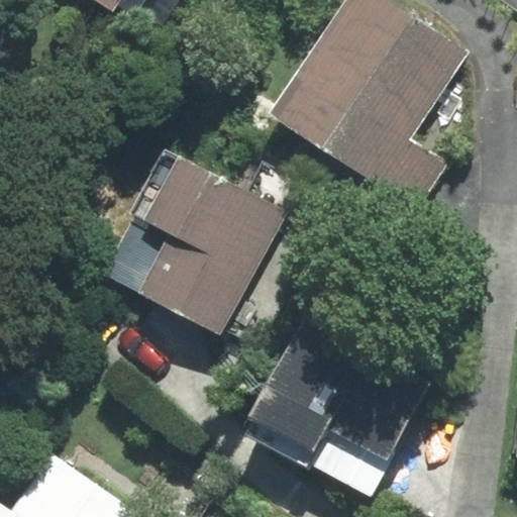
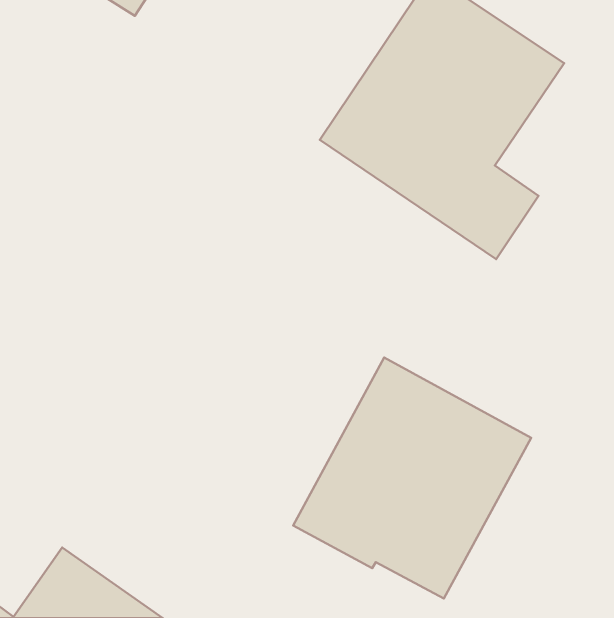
building: [130,149,286,335] -> none

